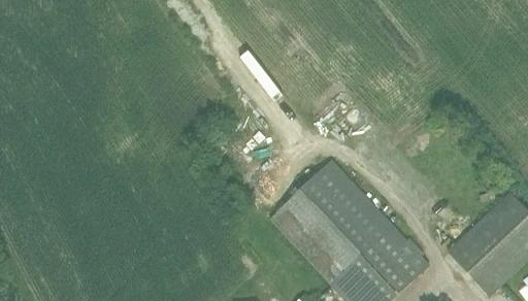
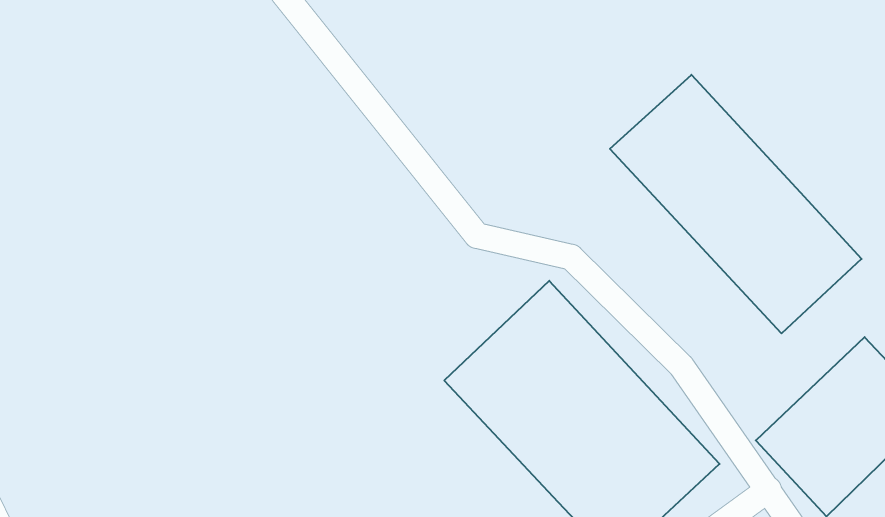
building: none -> [610,75,862,333]

